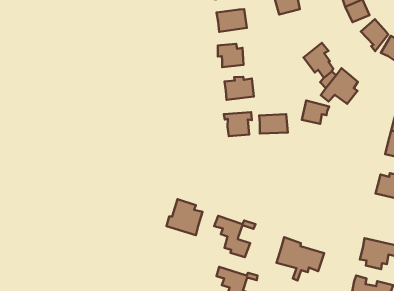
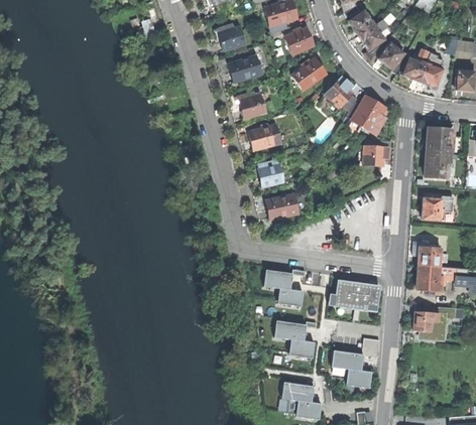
building: none -> [292,58,326,90]
building: [302,101,329,124] -> [364,145,389,166]
building: [259,114,288,134] -> [266,194,299,219]
building: [167,199,202,235] -> none
building: none -> [412,240,441,267]

